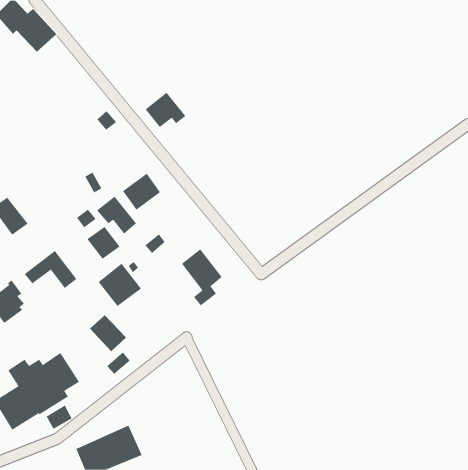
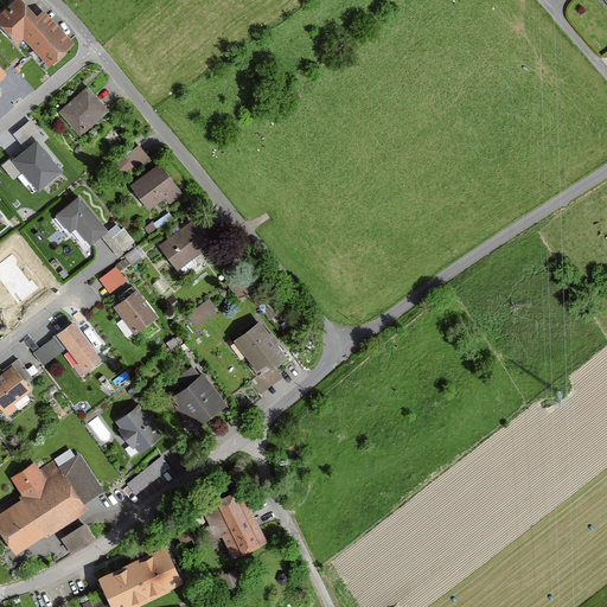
building: none -> [58,89,107,138]
building: [145,92,186,128] -> [128,165,181,211]
building: none -> [13,136,58,181]
building: [96,196,137,234] -> [55,196,107,245]
building: [98,263,142,307] -> [170,372,226,429]
building: none -> [198,488,267,561]

